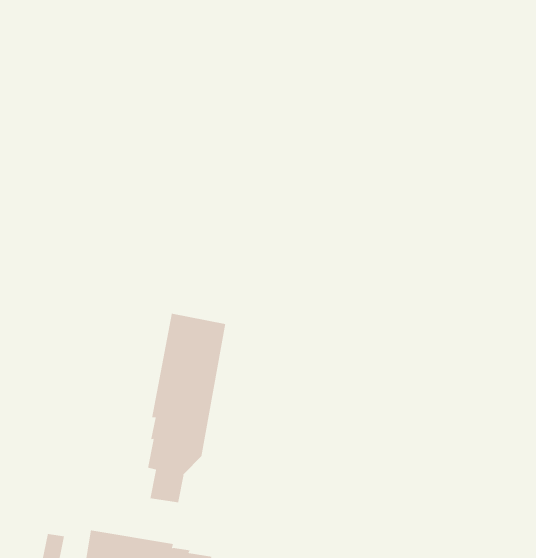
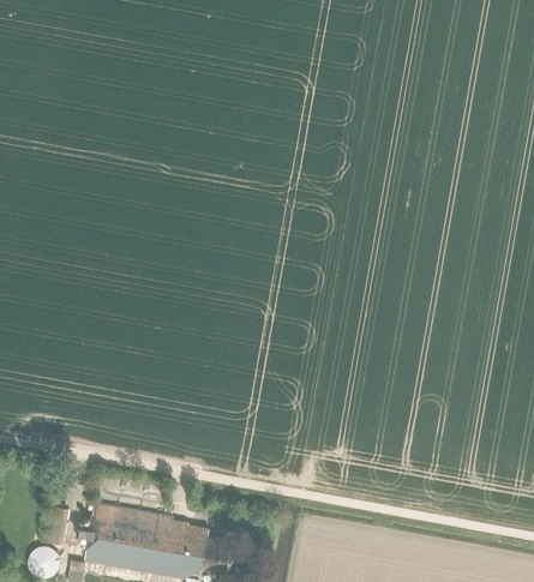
building: [148,313,226,503] -> none

